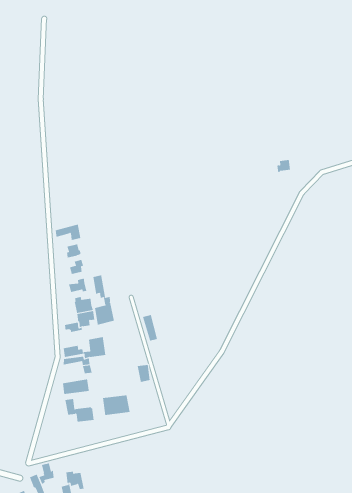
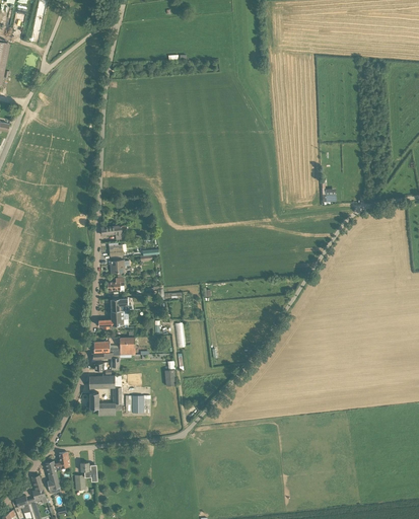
building: [93,274,115,325] -> none

